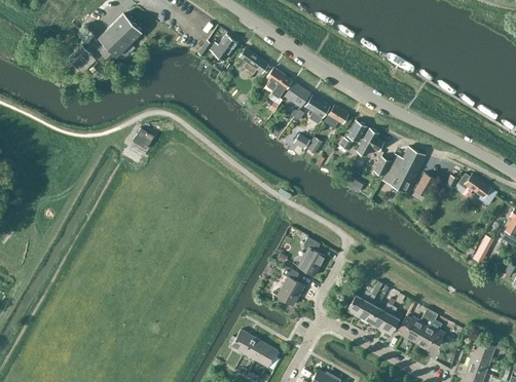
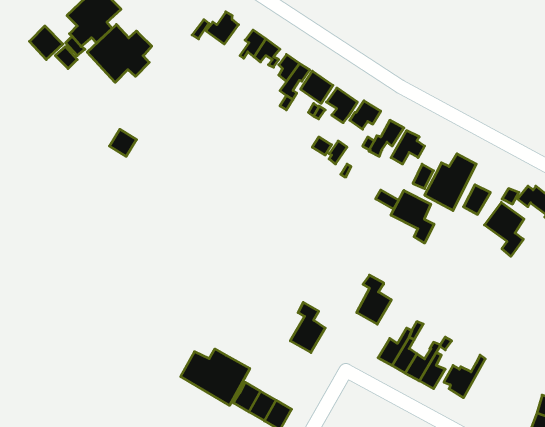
building: none -> [87,24,152,82]
building: none -> [391,190,434,243]
building: none -> [484,202,524,256]
building: [298,237,326,276] -> [357,275,391,324]
building: none -> [181,349,250,405]
building: [414,311,445,349] -> none

